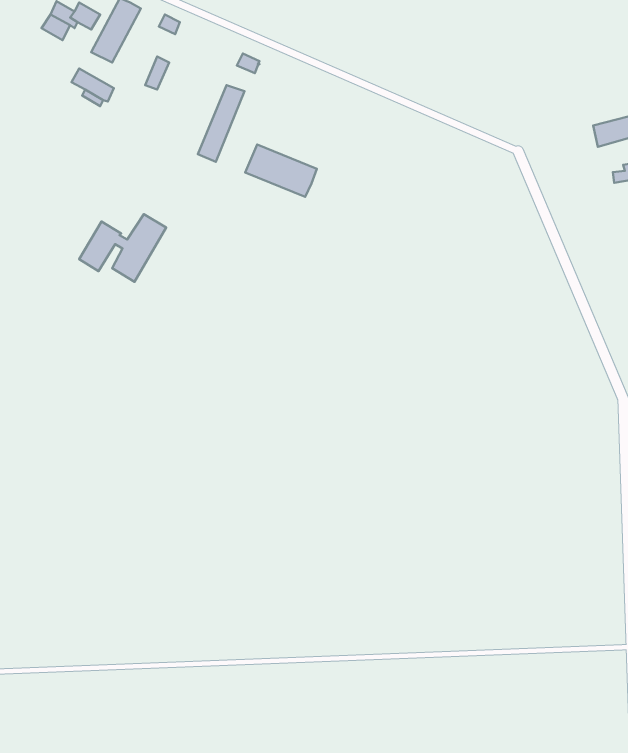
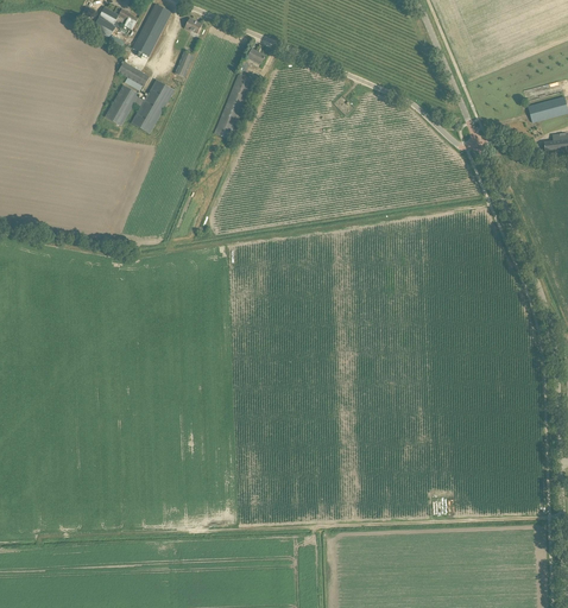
building: [245,145,317,197] -> none
building: [79,214,166,282] -> [106,78,175,132]

